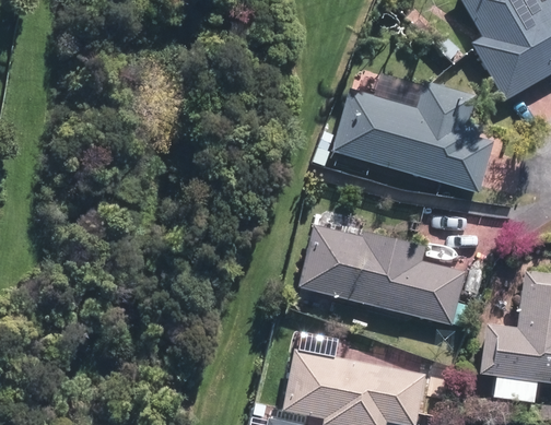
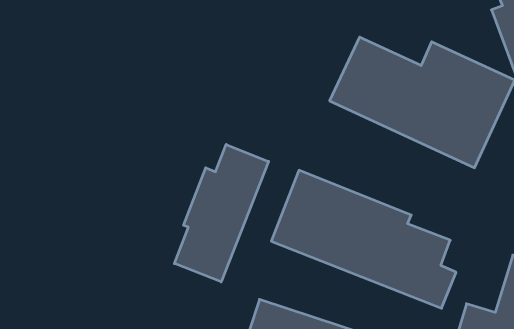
building: none -> [174,144,269,282]

